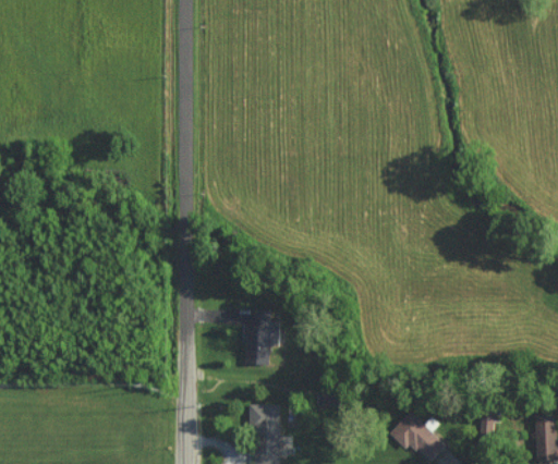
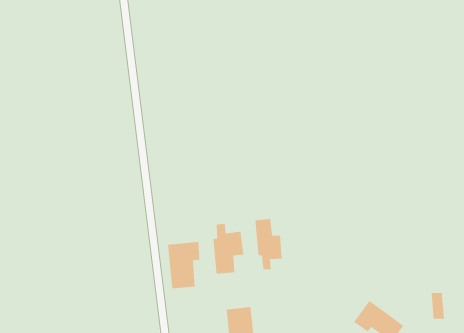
building: none -> [255,218,282,270]
building: none -> [168,241,200,289]

